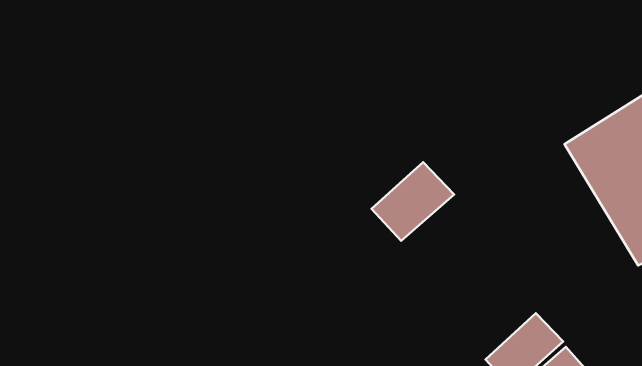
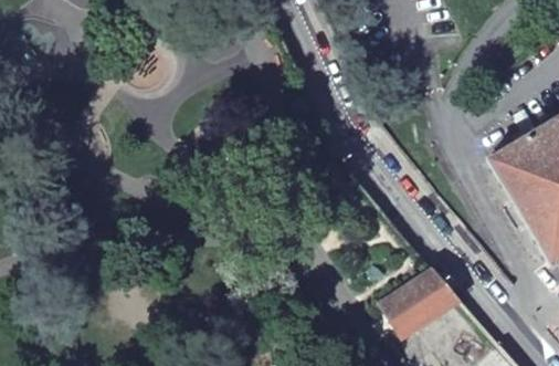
building: [371,162,454,241] -> [388,269,458,336]

